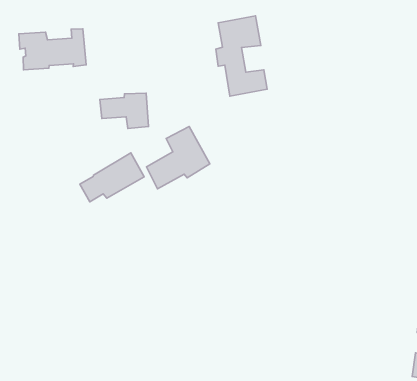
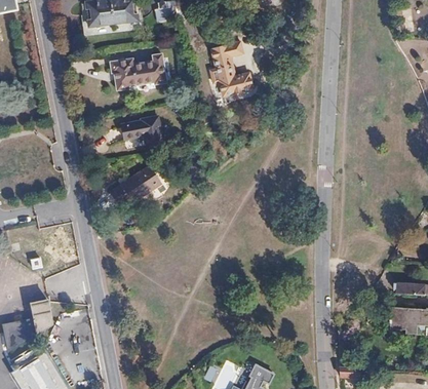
building: [19,29,86,70] -> [110,53,166,90]
building: [146,127,210,189] -> none

